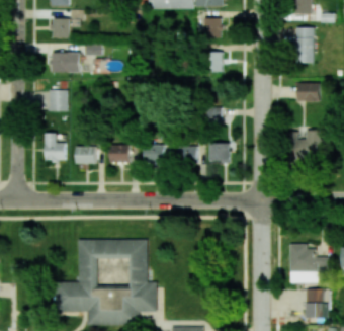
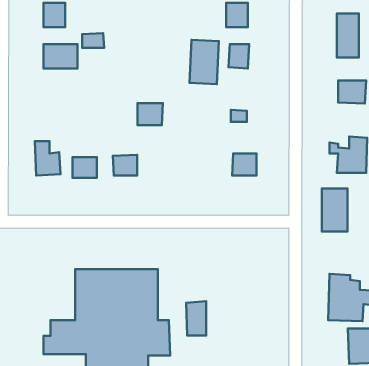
building: none -> [189,40,219,84]
building: [49,90,68,111] -> none
building: [143,146,164,164] -> [137,103,163,125]
building: [176,146,197,164] -> none
building: none -> [322,189,347,232]
building: none -> [186,301,206,335]

